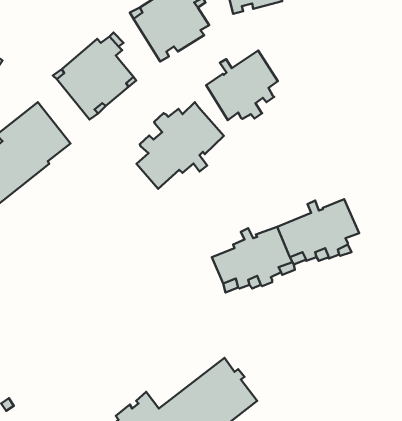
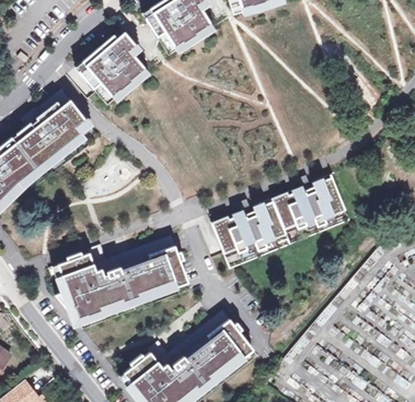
building: [206,51,278,120] -> none
building: [137,102,224,189] -> none
building: none -> [54,238,187,322]

